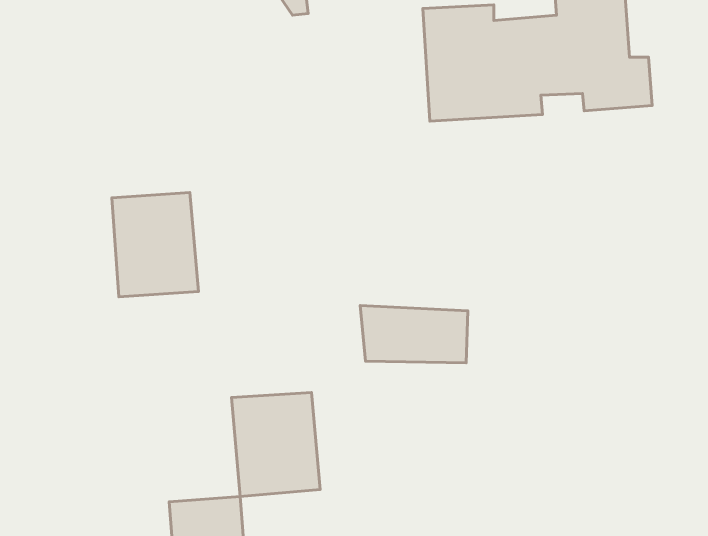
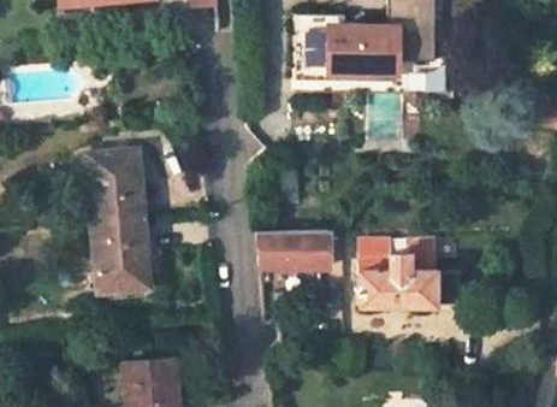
building: none -> [348,249,456,307]
building: [232,392,320,497] -> [90,218,152,290]

